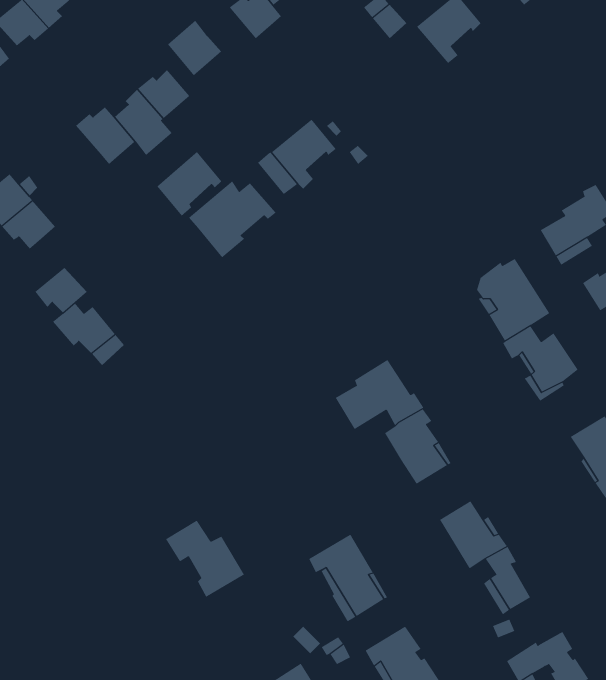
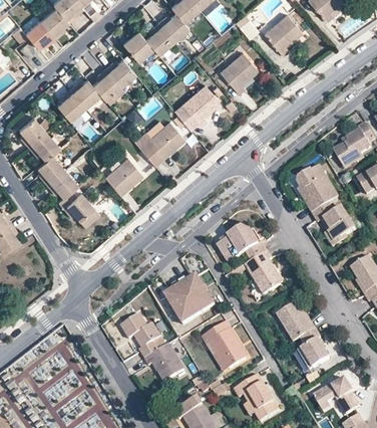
building: none -> [145,23,172,54]
building: none -> [221,53,258,93]
building: none -> [56,90,84,121]
building: [157,151,222,216] -> [104,159,141,196]
building: none -> [37,155,64,185]
building: none -> [165,276,216,326]
building: none -> [144,344,184,382]

